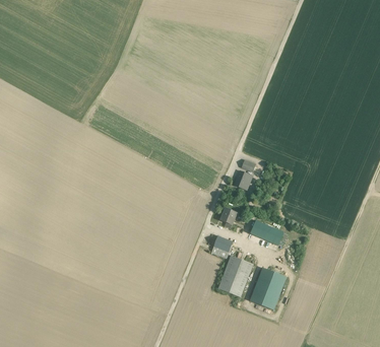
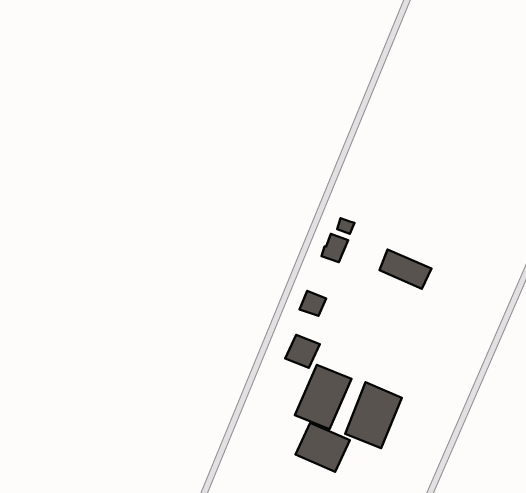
building: [250,219,283,245] -> [379,250,431,289]
building: none -> [296,423,350,472]

